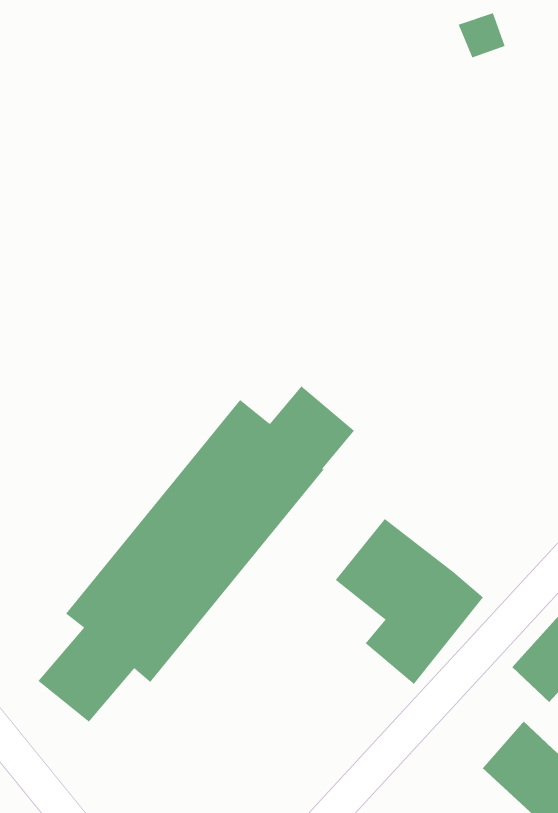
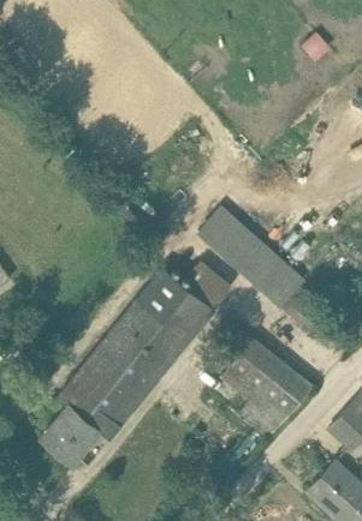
building: none -> [200,215,348,349]

